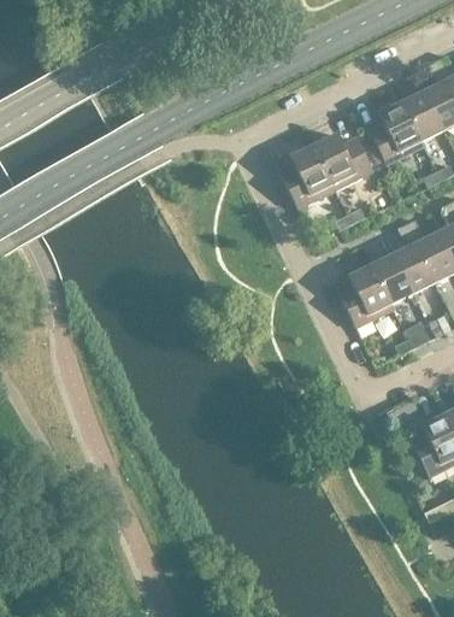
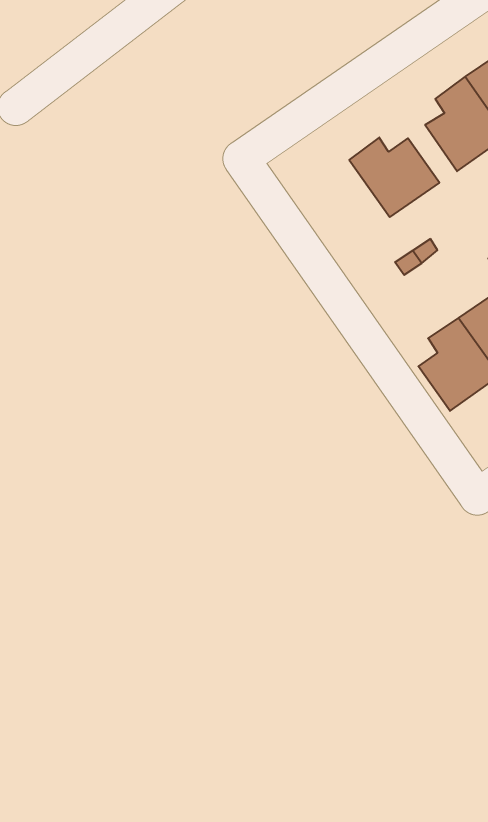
building: [282,146,336,208] -> none

